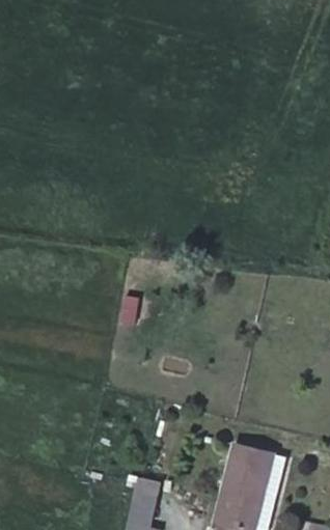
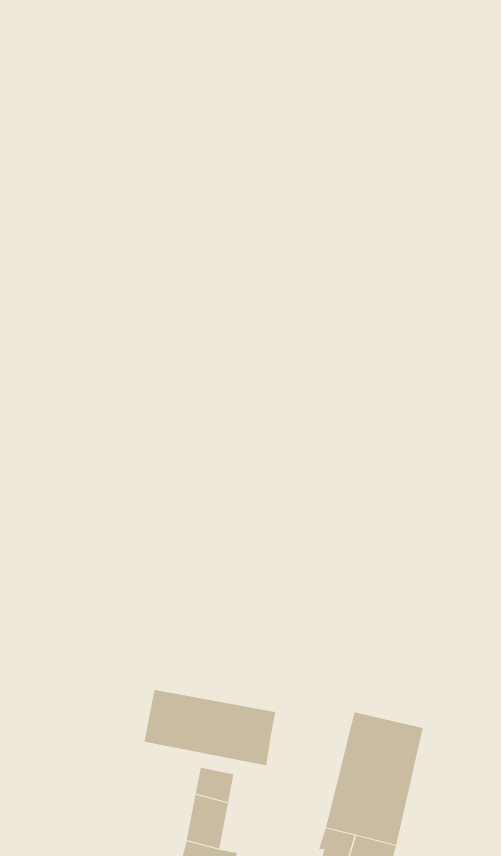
building: none -> [144,689,276,766]

